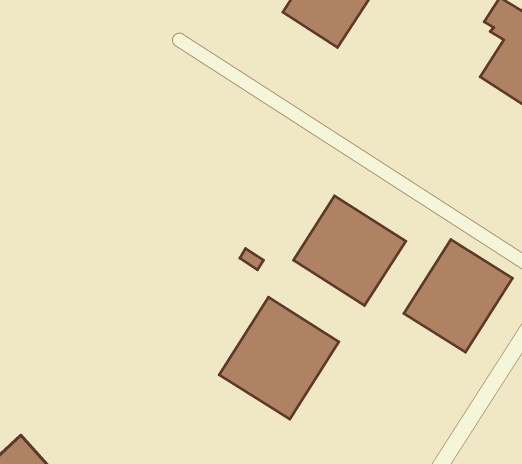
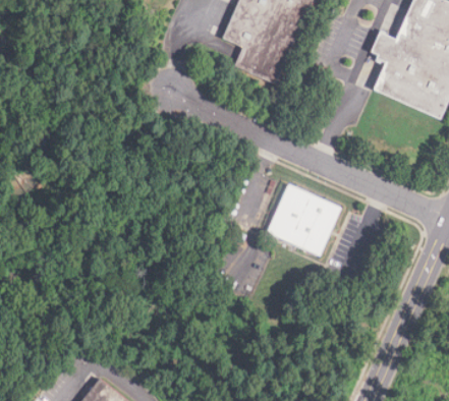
building: [404,240,512,352] -> none
building: [219,297,339,419] -> none

